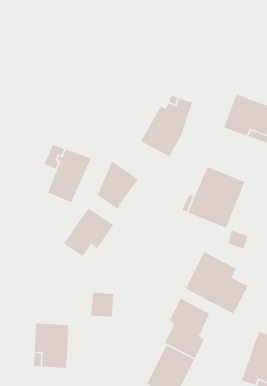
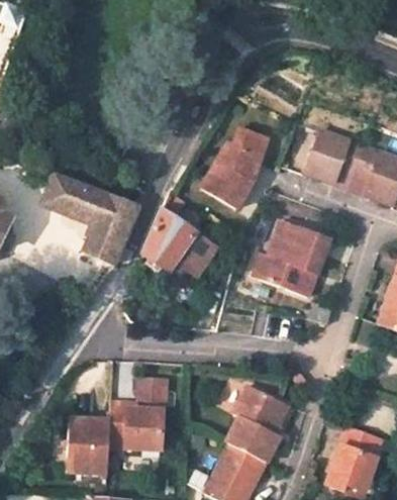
building: none -> [43,177,88,216]
building: none -> [178,234,217,275]
building: [63,208,114,257] -> none
building: [185,251,249,314] -> none
building: none -> [108,399,161,447]

